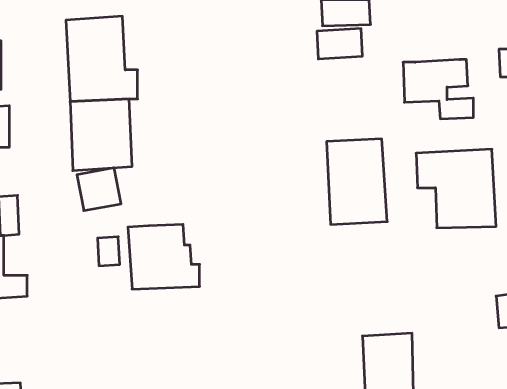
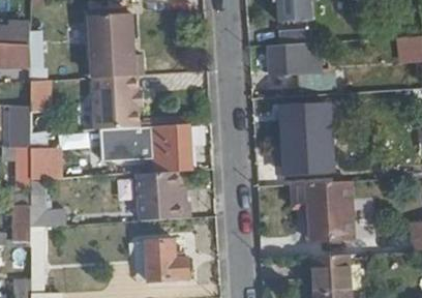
building: [403,60,473,119] -> [270,44,323,89]
building: [416,149,496,228] -> [293,179,353,238]
building: none -> [151,124,190,172]
building: none -> [144,240,187,280]

